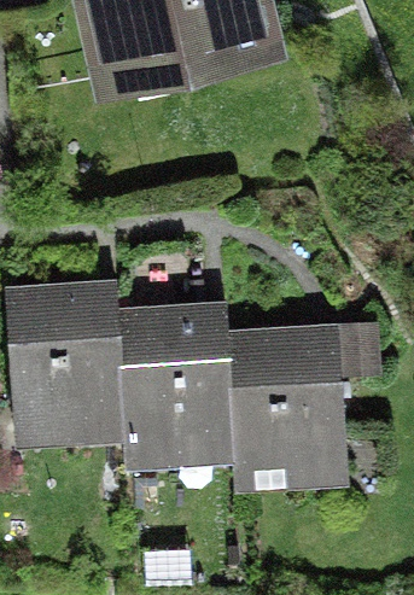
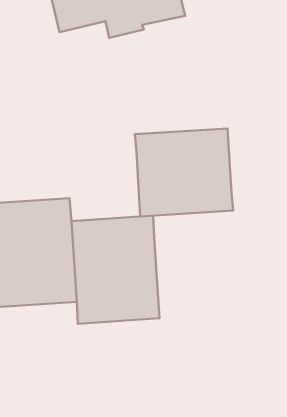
building: none -> [135,128,233,216]
building: [227,328,374,471] -> none

